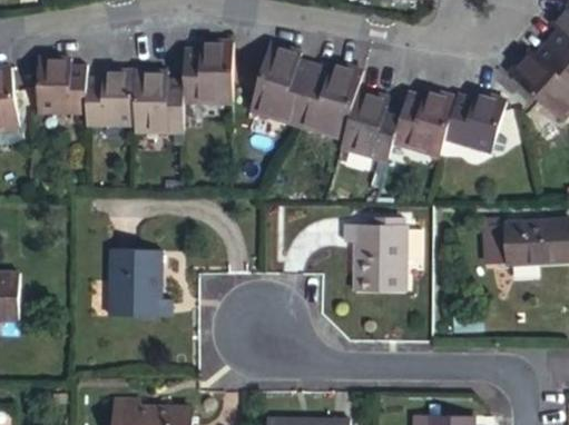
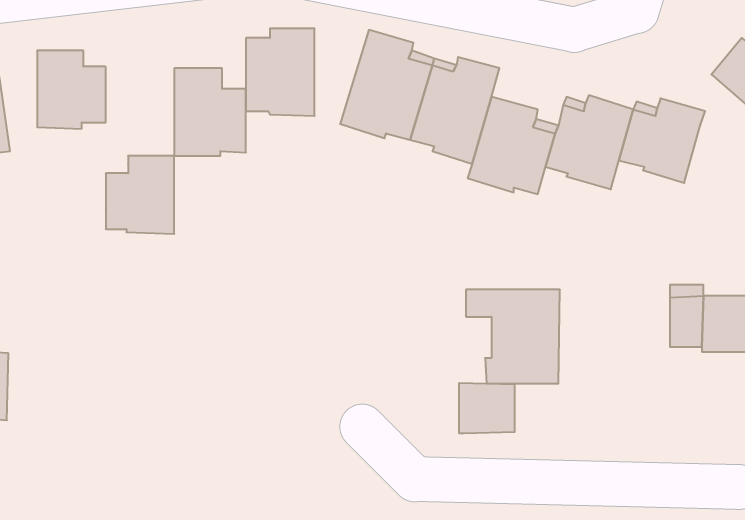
building: [87,71,135,126] -> [106,156,174,234]
building: [105,258,168,325] -> none
building: none -> [459,383,515,433]

